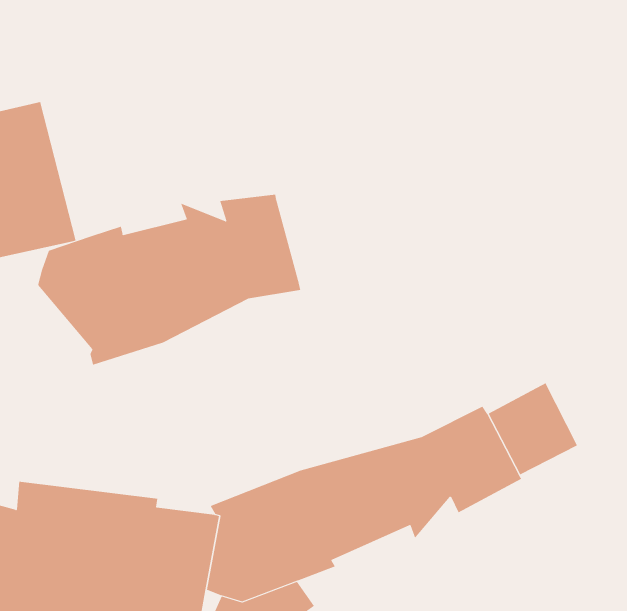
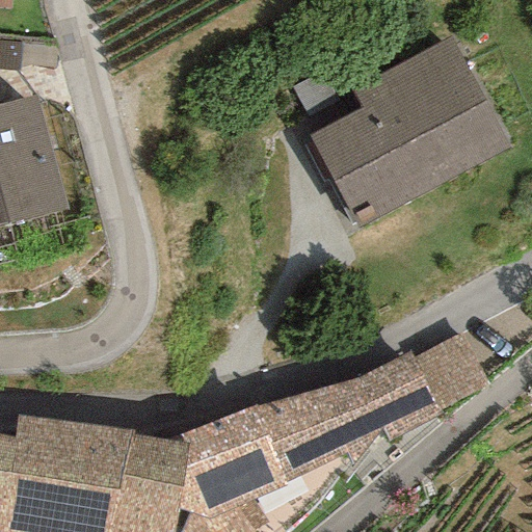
building: none -> [308,38,511,230]
building: [38,194,301,365] -> none

